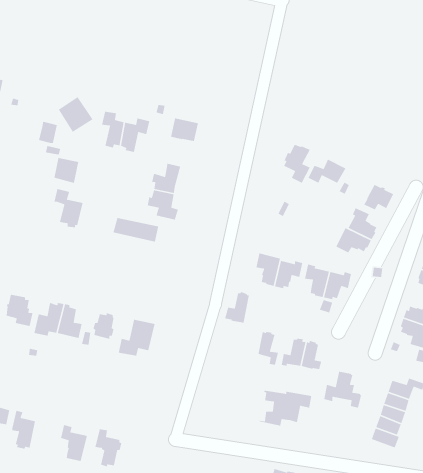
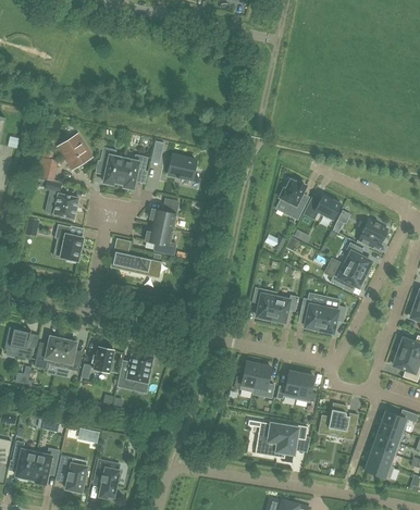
building: [224,291,250,323] -> [233,360,258,391]
building: none -> [30,448,59,484]

